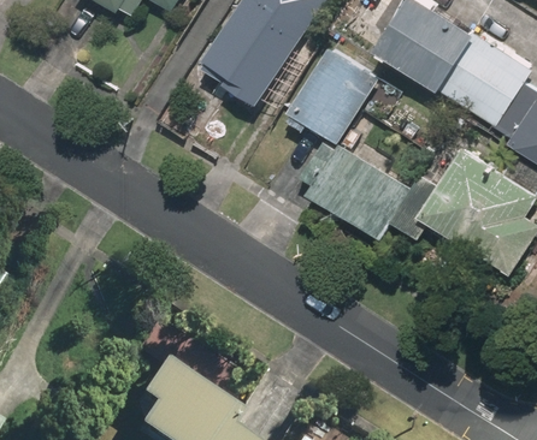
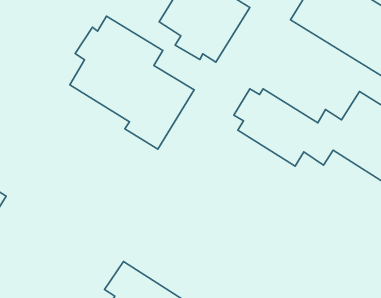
building: [284,47,378,144] -> none
building: none -> [70,16,194,149]

